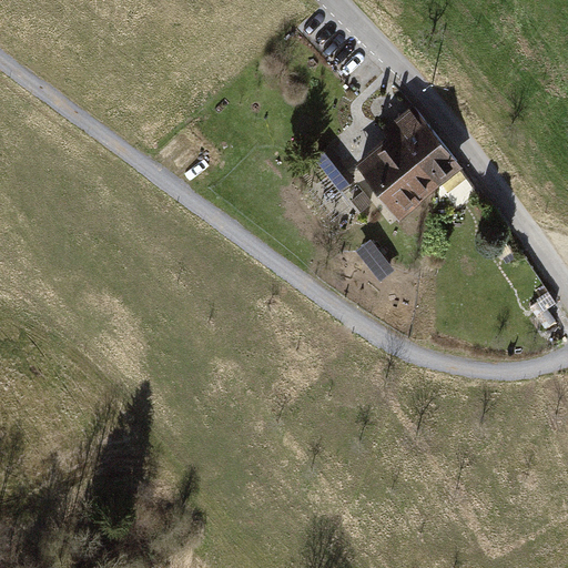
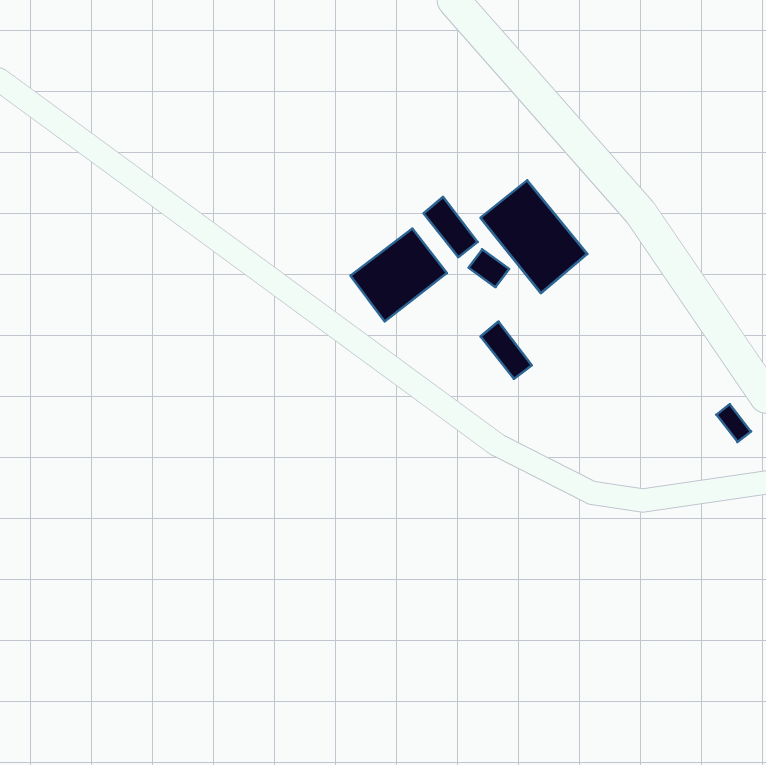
building: [383,106,460,190] -> none
building: none -> [351,229,447,321]

